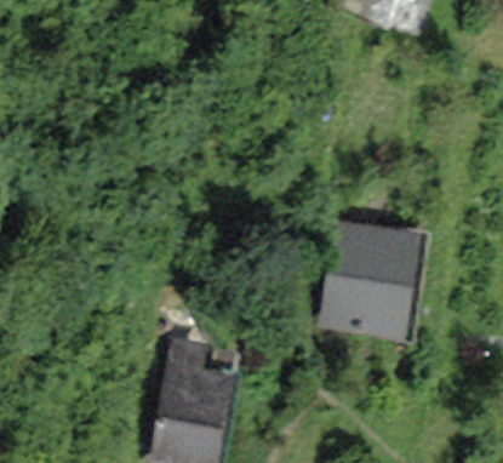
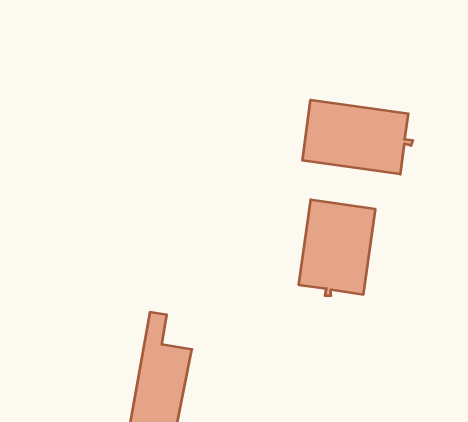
building: none -> [303,100,413,174]

